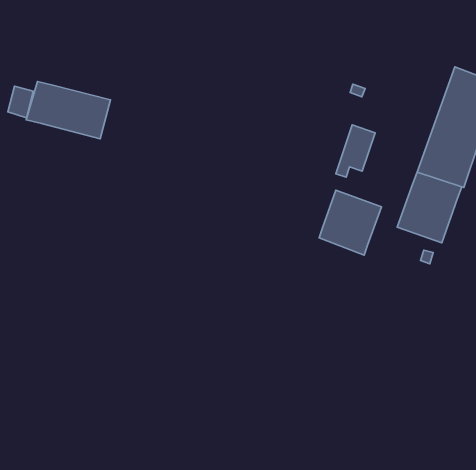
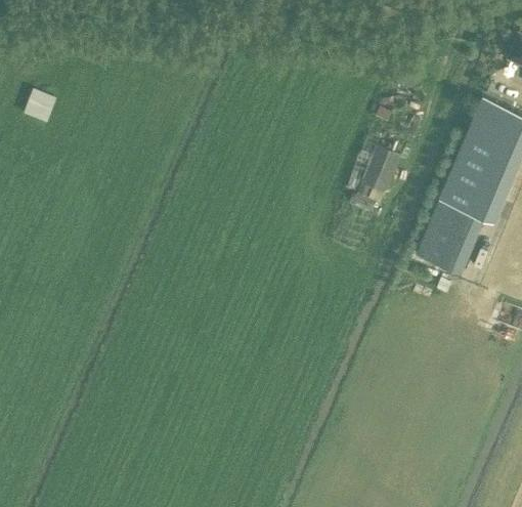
building: [26,82,110,139] -> none
building: [319,190,382,255] -> none

